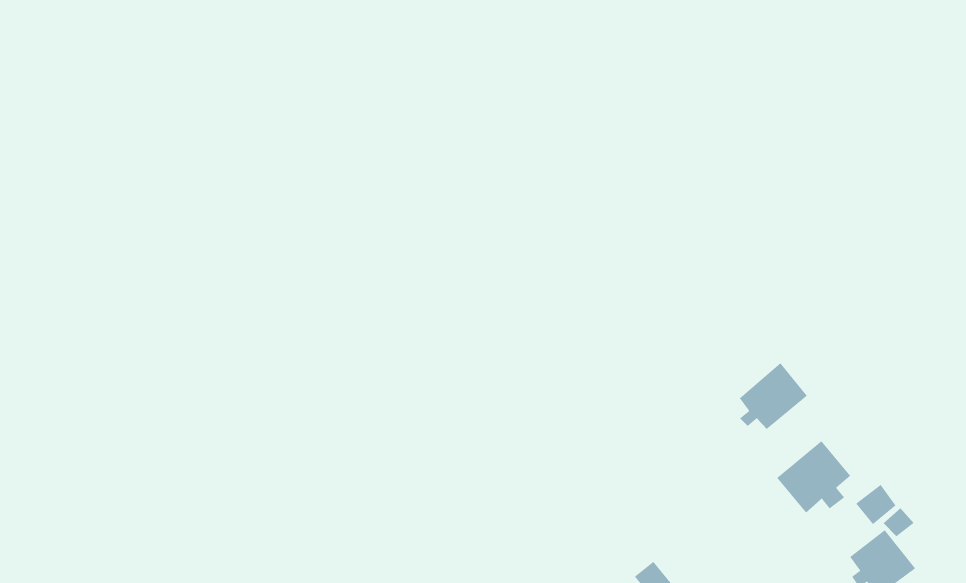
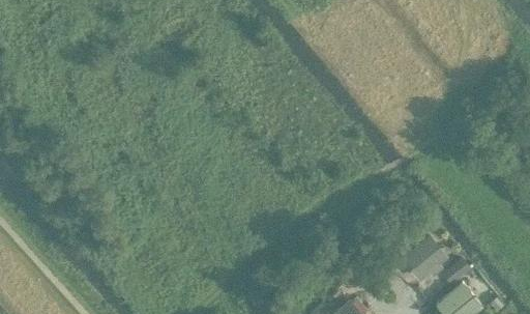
building: [739,362,808,430] -> none

